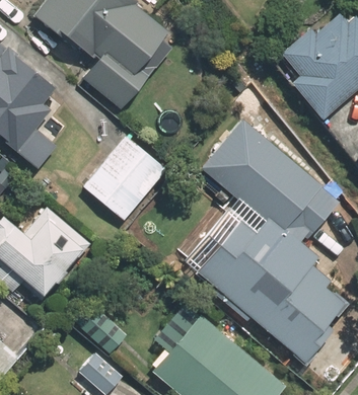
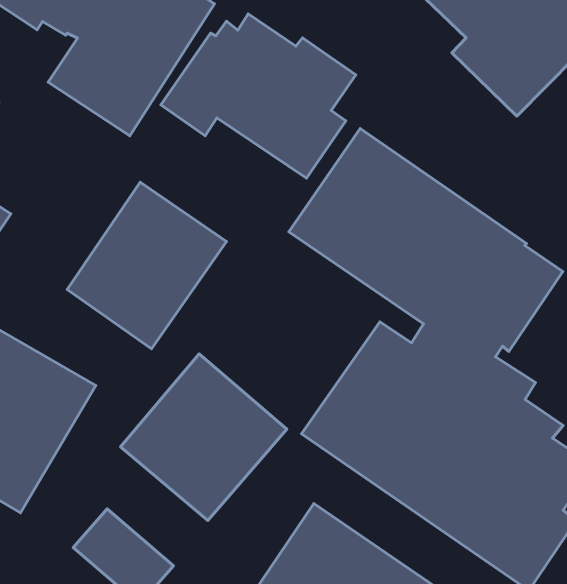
building: none -> [161,14,356,178]
building: none -> [121,354,287,520]

